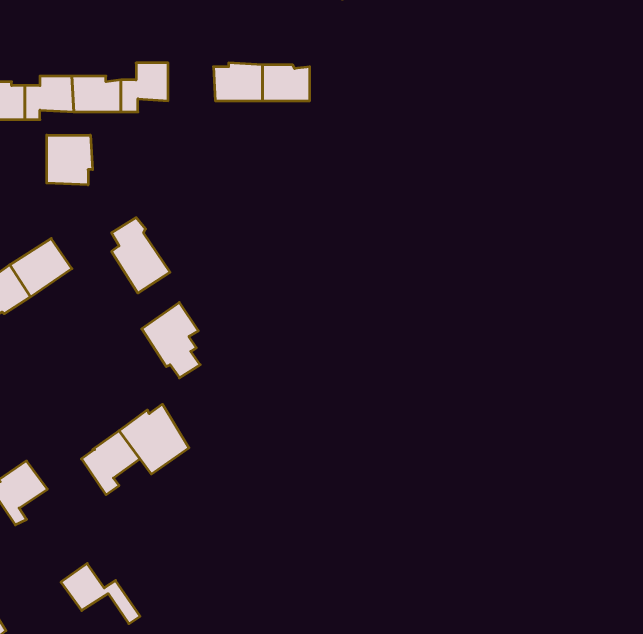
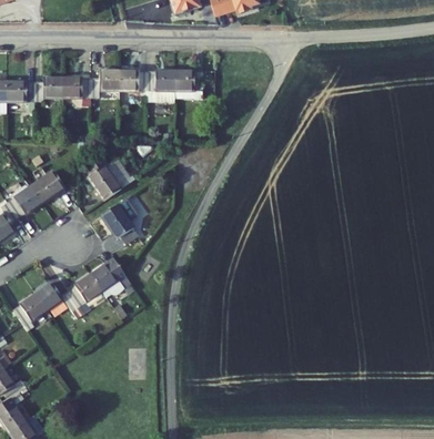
building: none -> [120,63,148,85]
building: [47,135,93,185] -> none
building: [61,563,140,624] -> [37,286,83,321]

